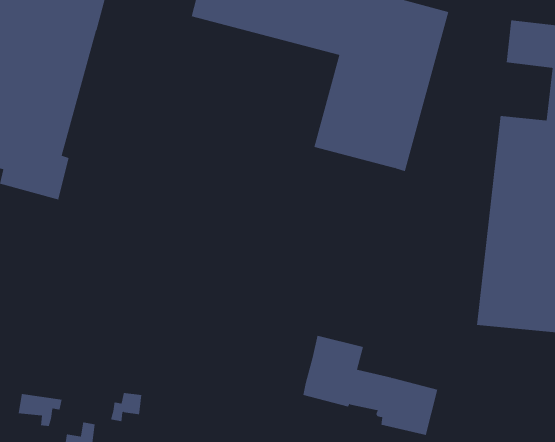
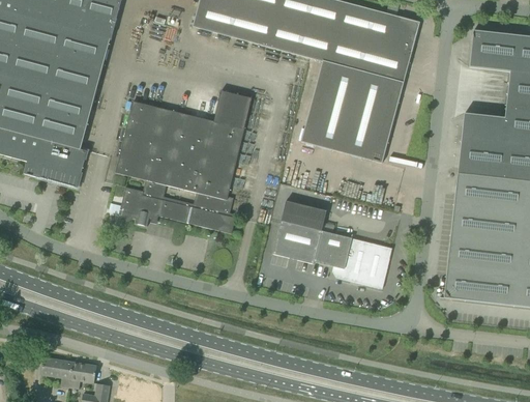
building: none -> [115,89,252,233]
building: [303,335,438,435] -> [272,200,391,288]
building: [110,392,142,422] -> [68,363,96,389]

